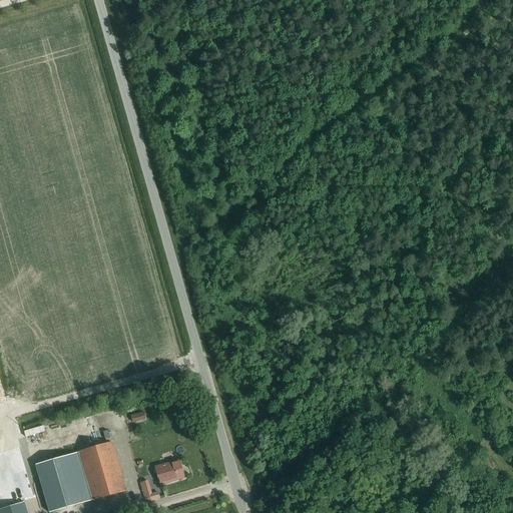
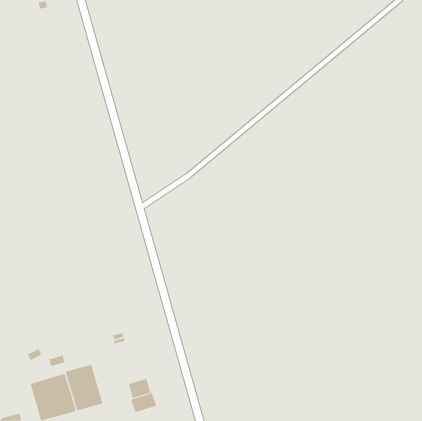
building: none -> [131,393,157,413]

